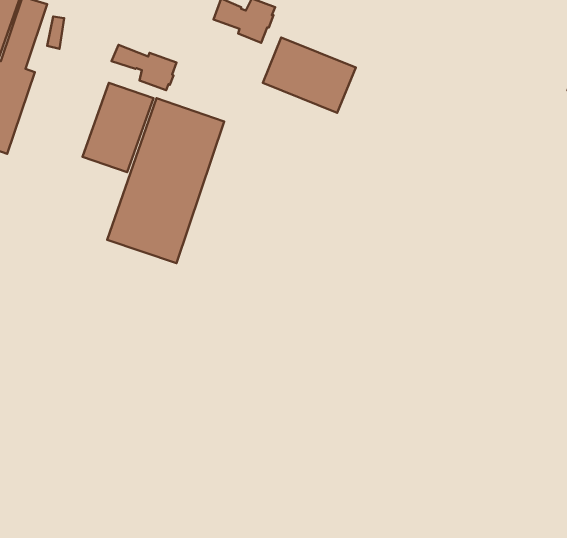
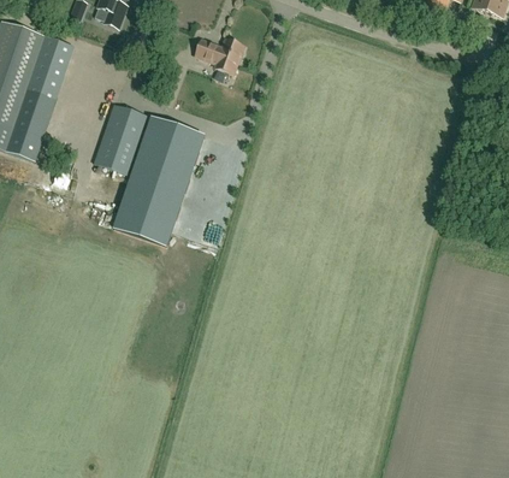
building: [263,38,356,113] -> none
building: [112,45,176,90] -> none

